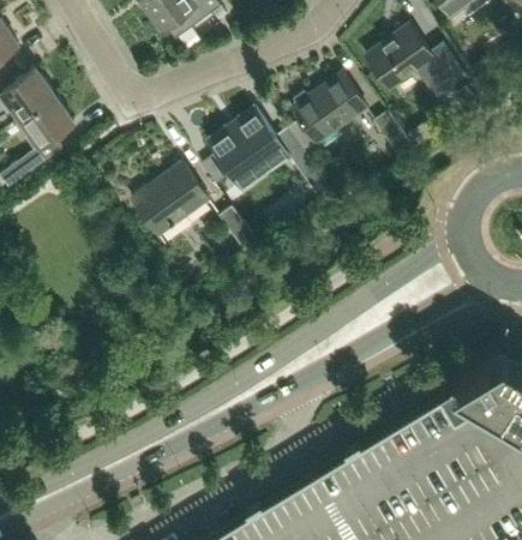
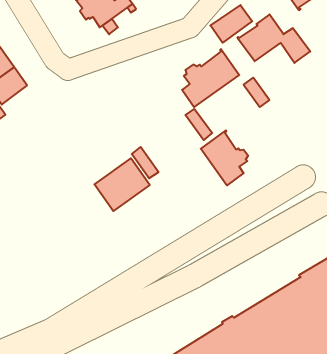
building: none -> [210,5,252,43]
building: [209,109,282,178] -> none
building: [132,163,209,236] -> [94,158,150,211]
building: none -> [201,130,248,185]

